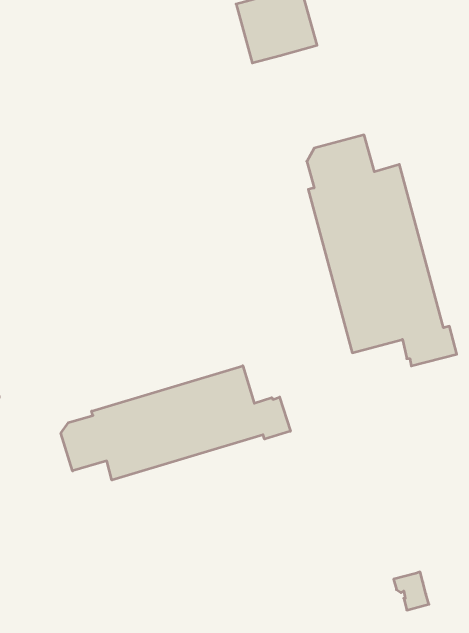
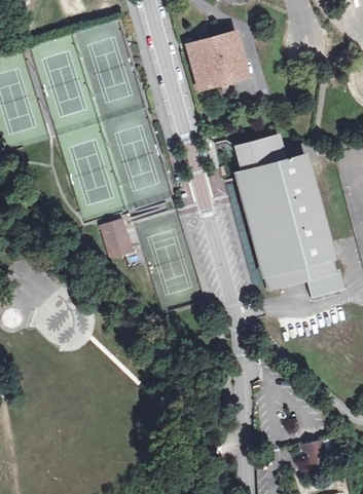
building: none -> [100,220,130,257]
building: [61,366,290,480] -> none

